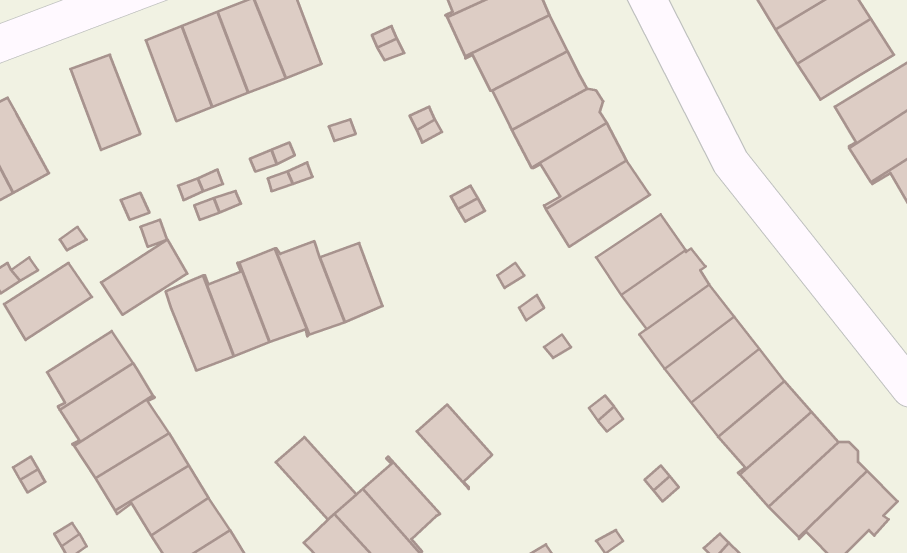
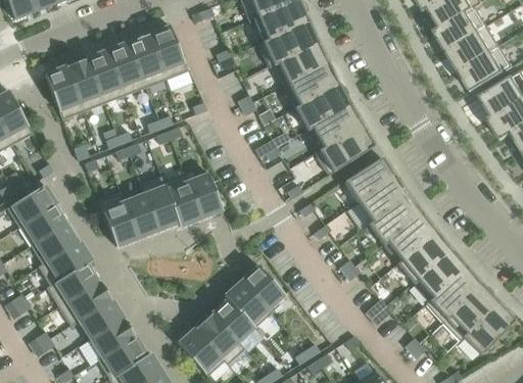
building: none -> [67,58,105,111]
building: [101,239,187,315] -> [19,204,68,247]
building: [276,437,356,520] -> [226,281,272,328]

